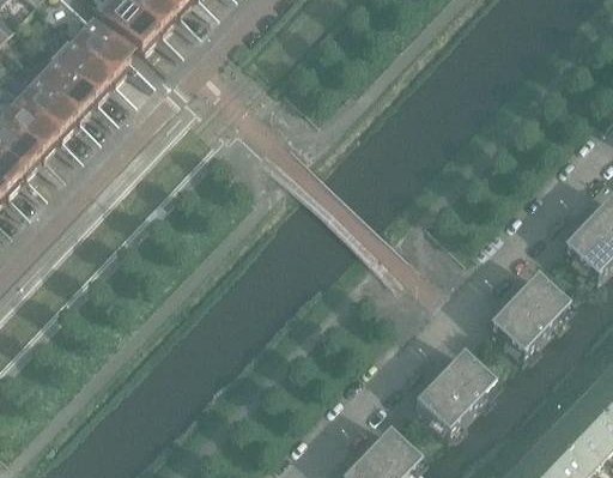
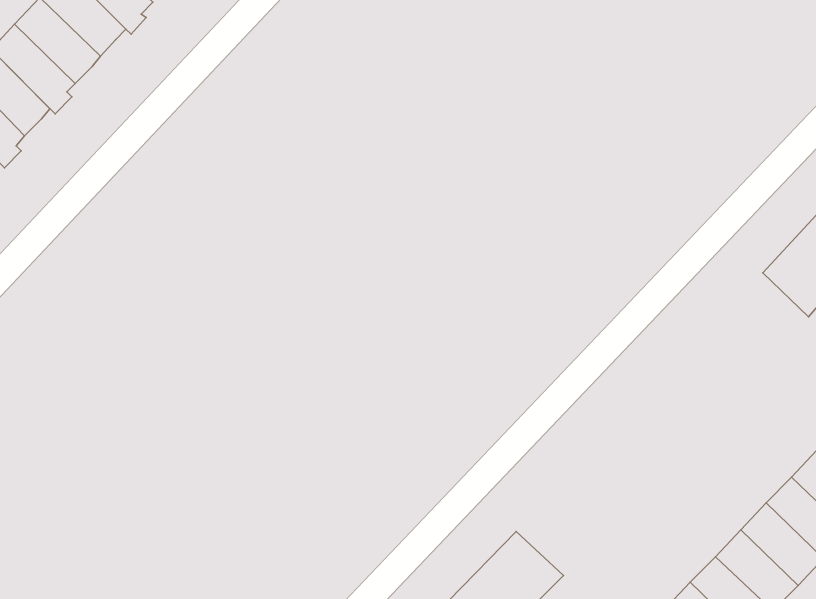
building: [488,272,569,353] -> none
building: [414,350,496,431] -> none

